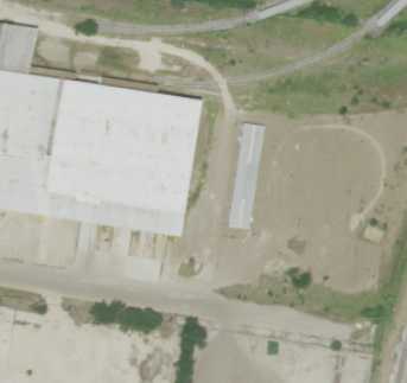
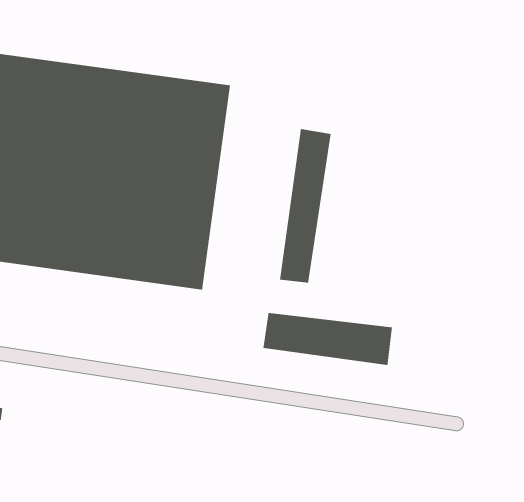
building: none -> [263,312,393,366]

